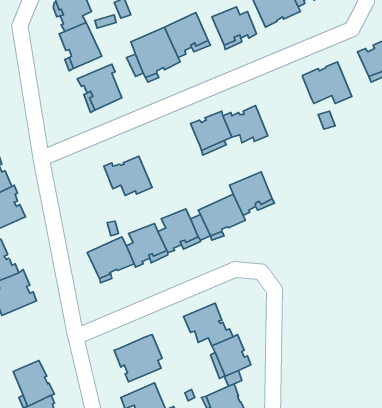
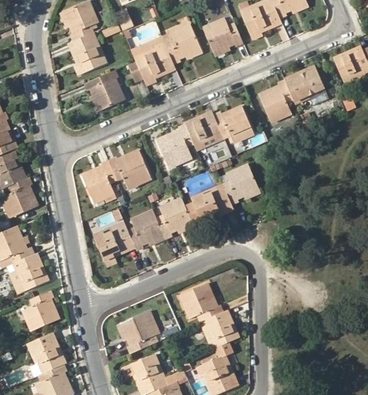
building: none -> [259,80,293,122]
building: none -> [156,124,194,167]
building: none -> [79,160,116,203]
building: none -> [25,290,58,331]

